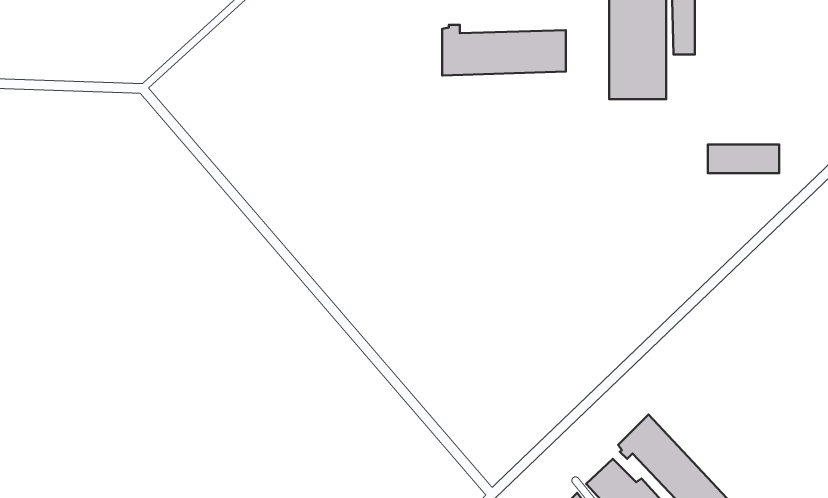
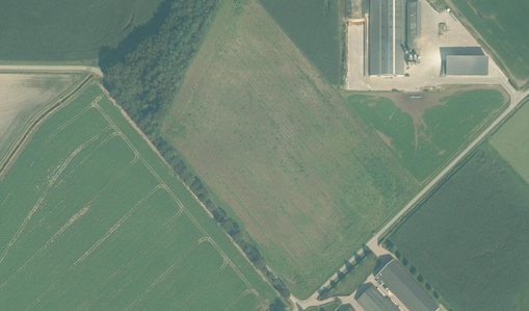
building: [442,25,566,76] -> none
building: [708,145,779,173] -> [445,56,486,73]

